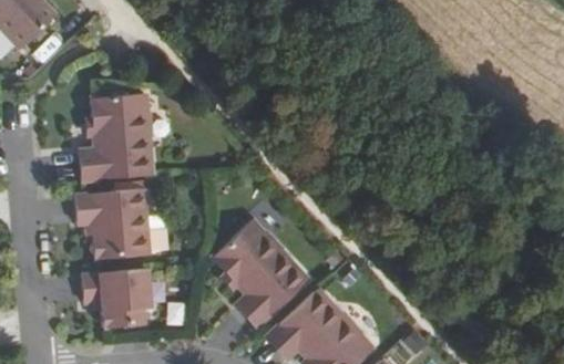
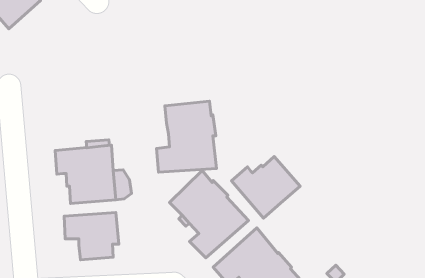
building: [82,95,155,181] -> [157,101,217,172]
building: none -> [232,156,300,218]

